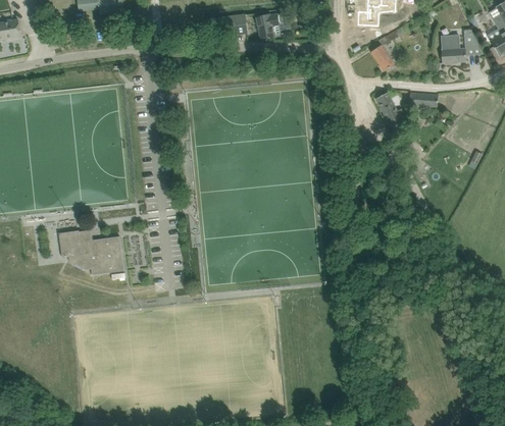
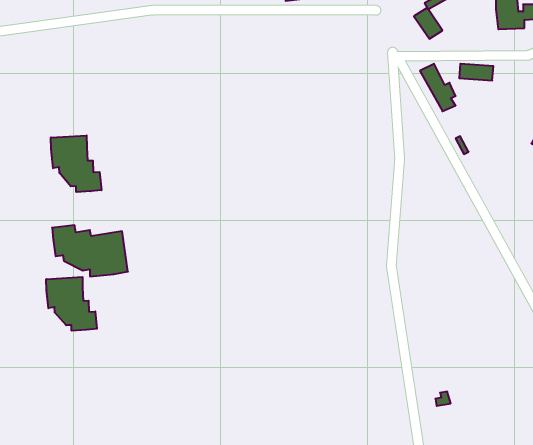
building: none -> [51,135,101,192]
building: none -> [46,277,97,331]

